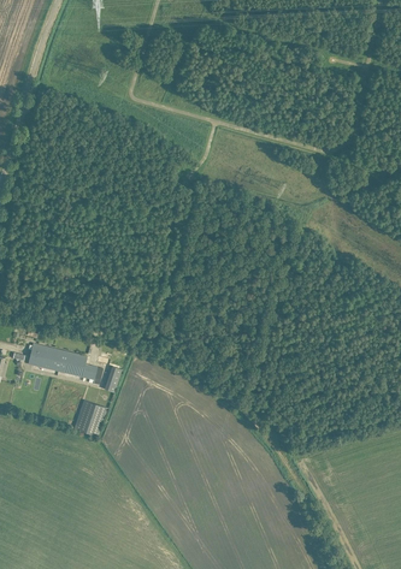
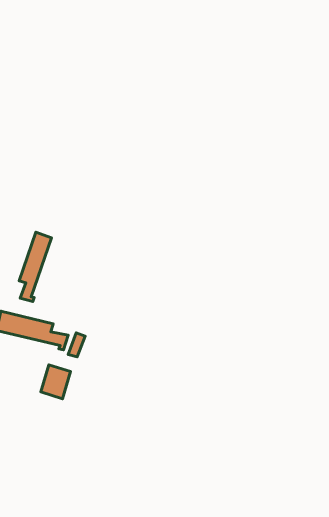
building: none -> [19,232,51,302]

